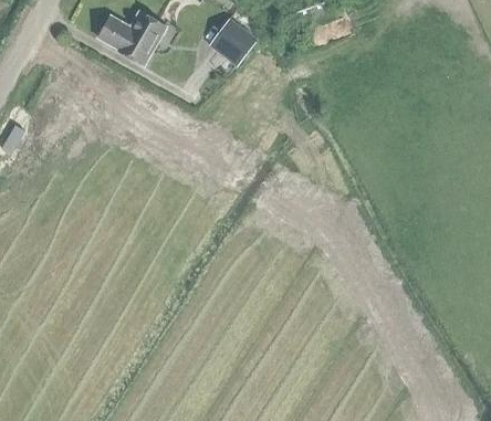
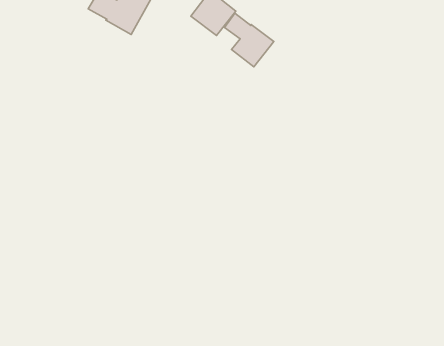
building: none -> [224,13,274,67]

